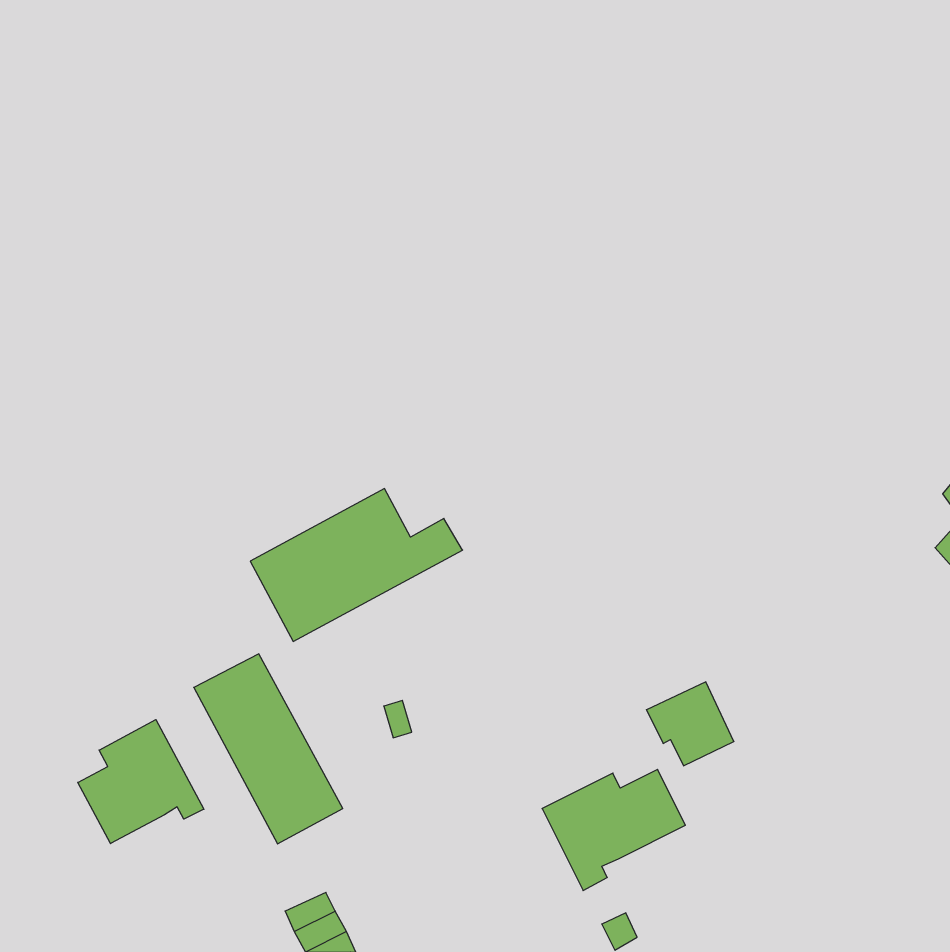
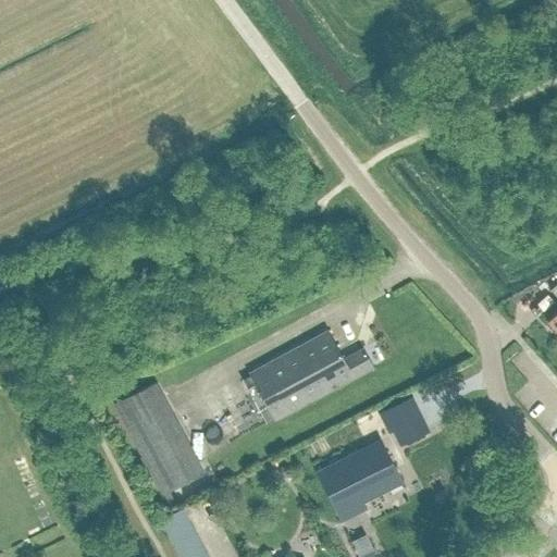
building: [250,489,463,641] -> [250,330,374,419]
building: [78,720,204,844] -> none

